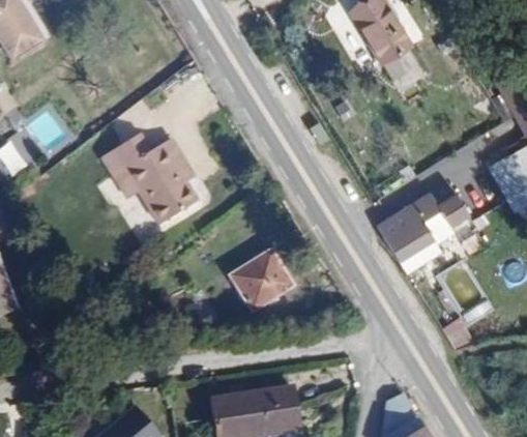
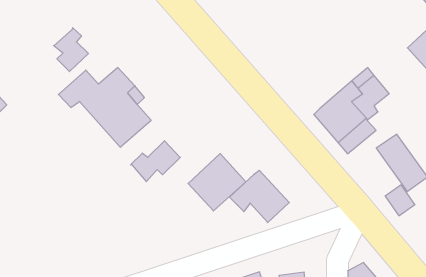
building: none -> [54,28,88,72]
building: none -> [131,141,180,182]
building: none -> [230,170,289,223]

